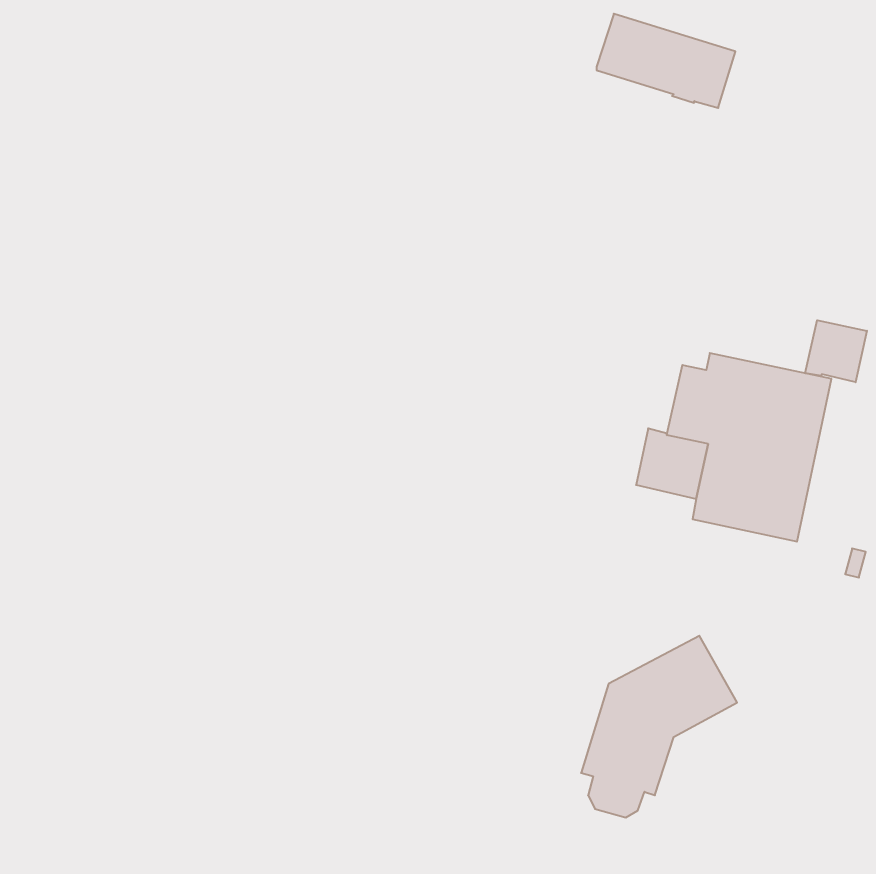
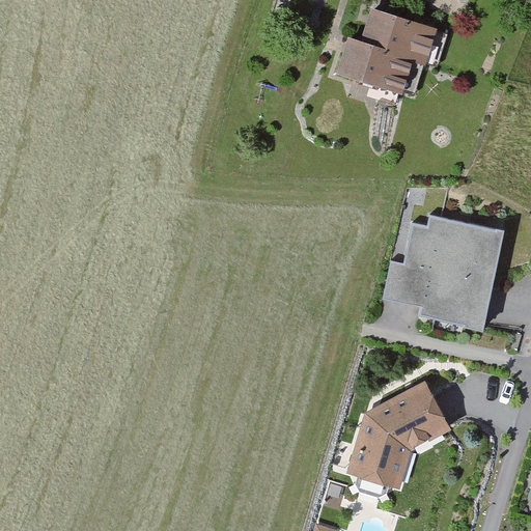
building: none -> [337,36,422,94]
building: [805,320,867,382] -> none

